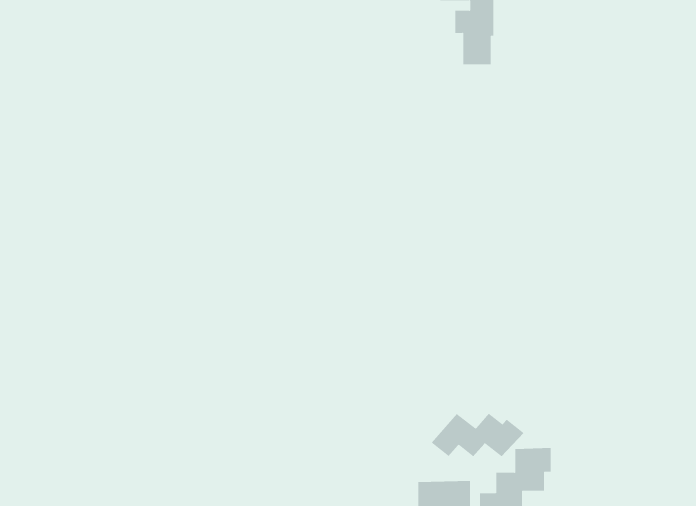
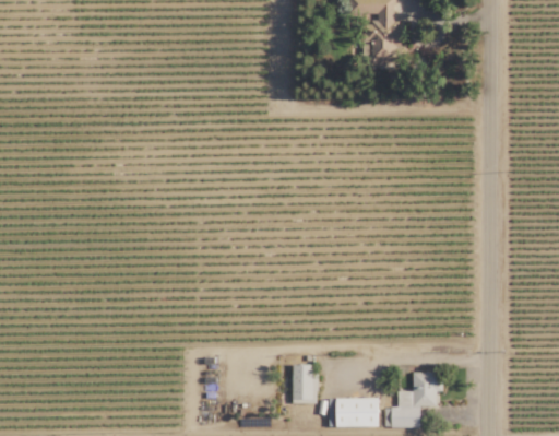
building: [431,413,525,457] -> none
building: none -> [292,363,318,402]

